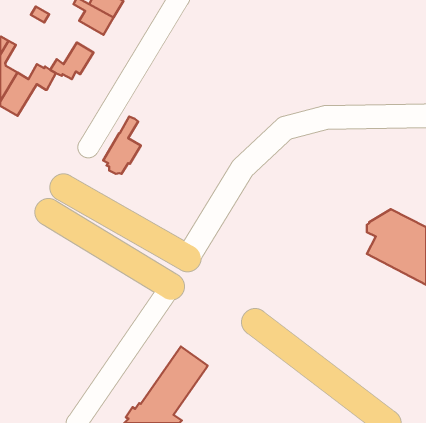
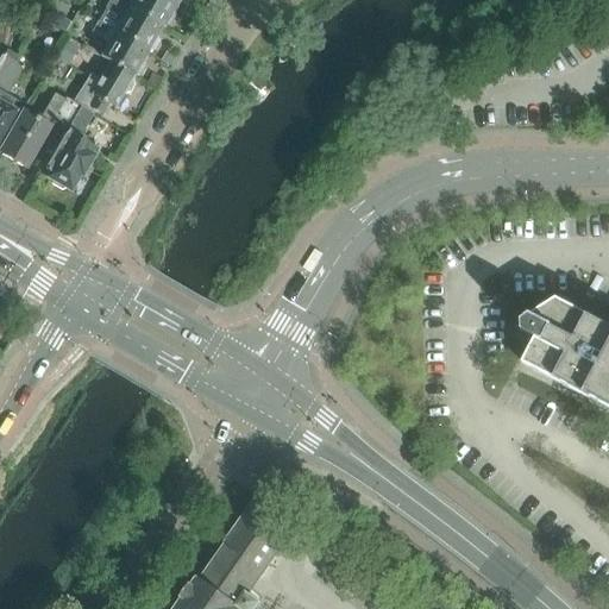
building: none -> [90,20,147,75]
building: [103,116,141,174] -> [43,105,96,187]

